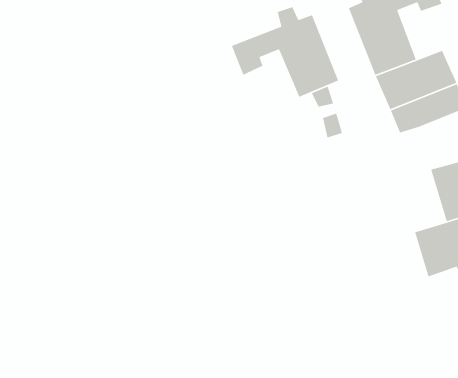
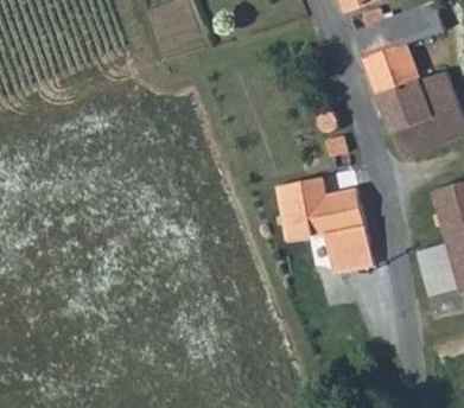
building: [231,6,339,98] -> none
building: none -> [278,173,377,269]

